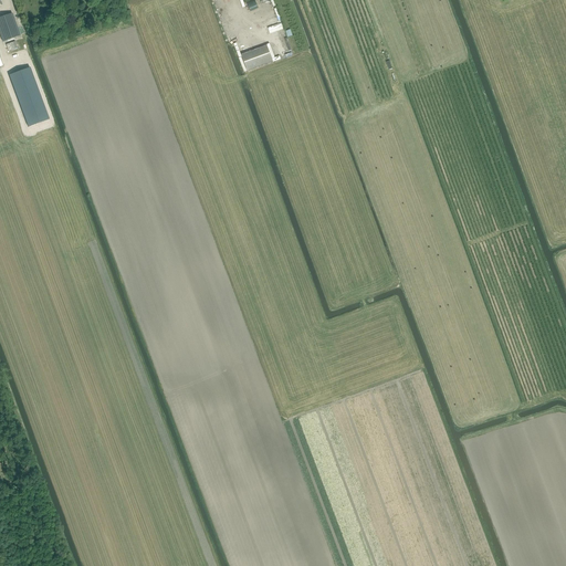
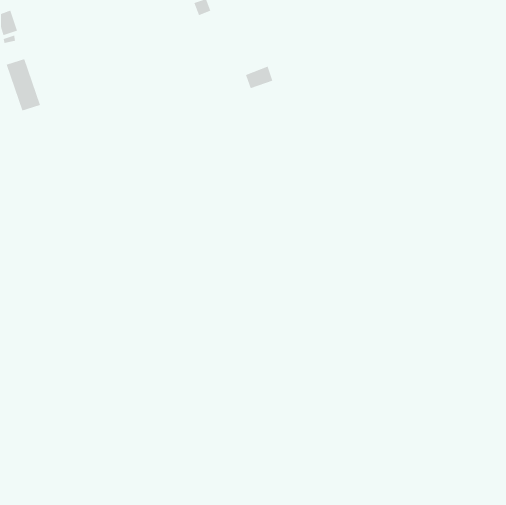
building: [243,43,274,69] -> [245,66,273,89]

